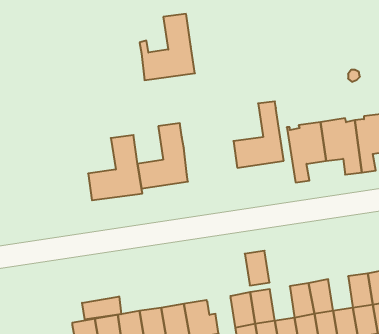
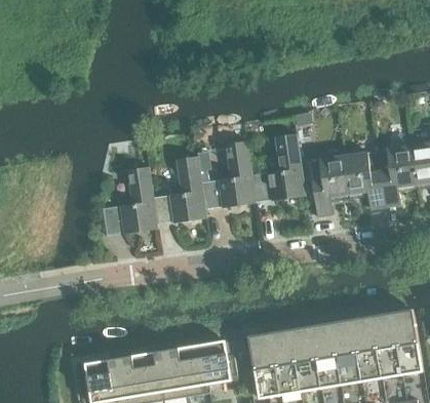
building: [140,14,195,80] -> [199,140,257,209]
building: [245,251,270,285] -> [290,325,316,361]
building: none -> [351,315,377,351]
building: [82,296,121,319] -> none

